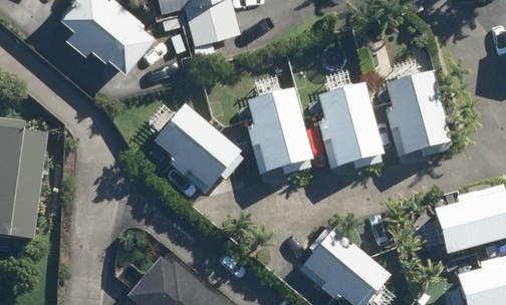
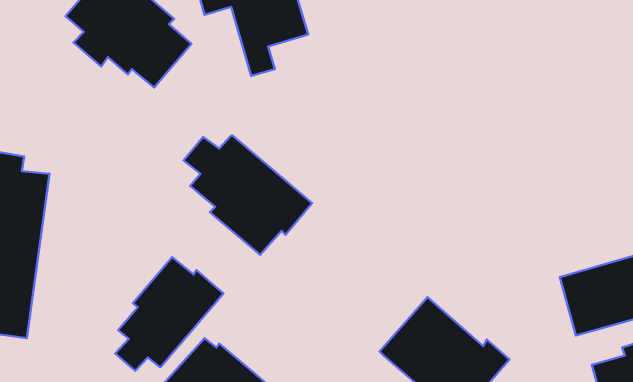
building: [316,70,385,169] -> none
building: [385,70,452,157] -> none
building: [244,76,315,176] -> none
building: none -> [115,257,223,371]

